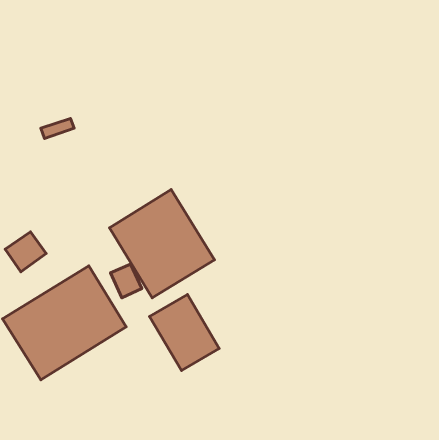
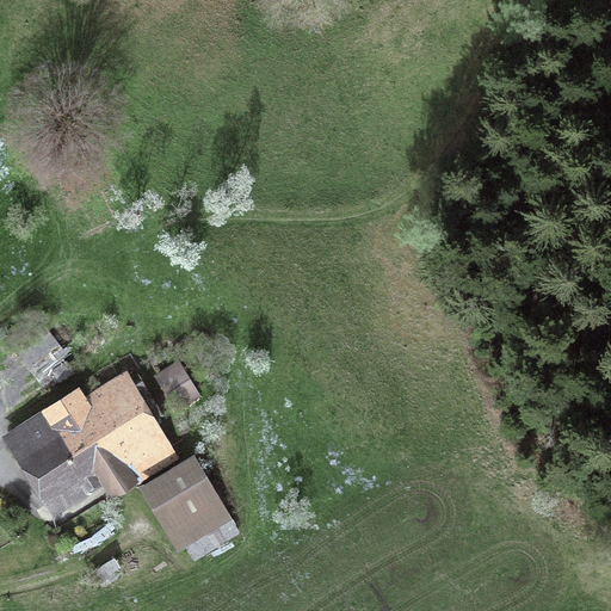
building: [110,190,215,298] -> none
building: [149,295,219,370] -> [141,458,236,562]

